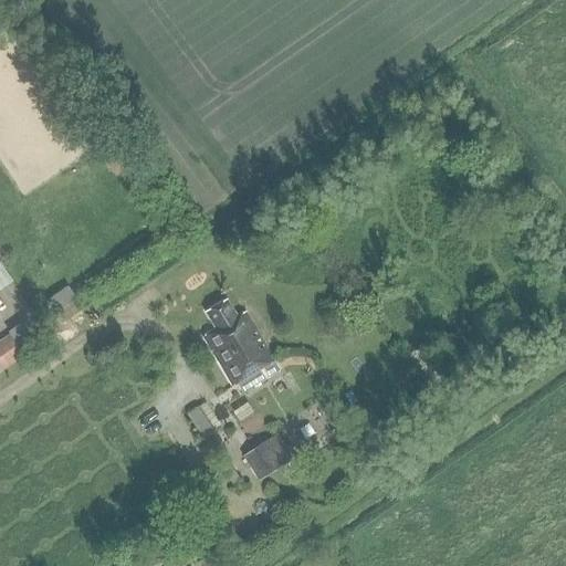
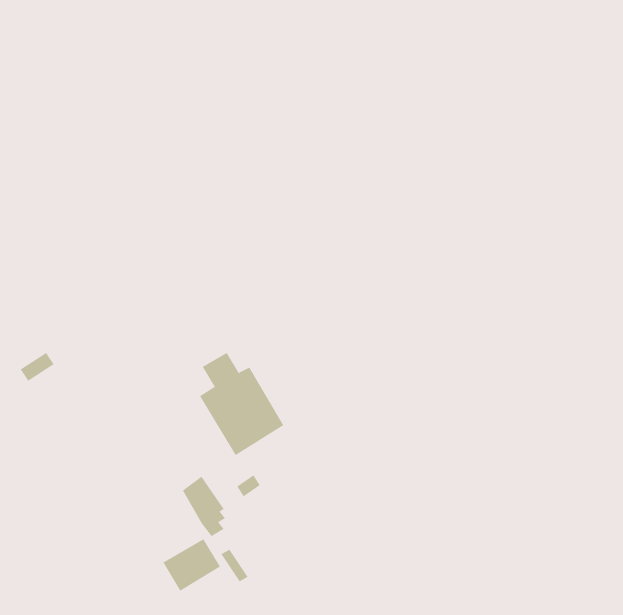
building: [242,434,291,479] -> [163,538,221,592]

